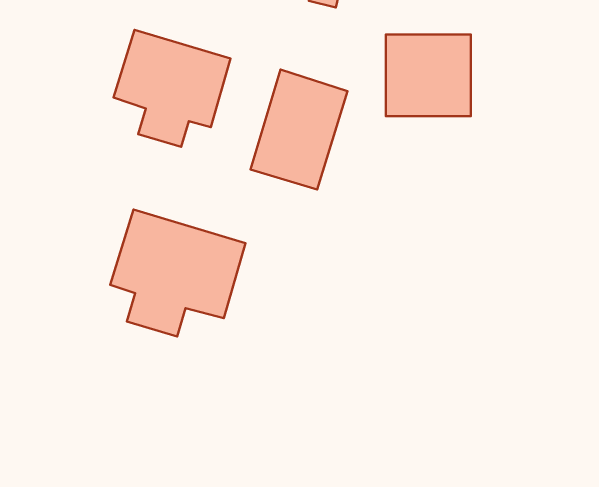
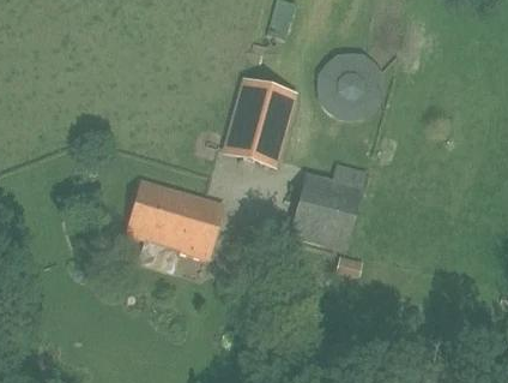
building: [114,30,231,147] -> none
building: none -> [288,170,363,251]

